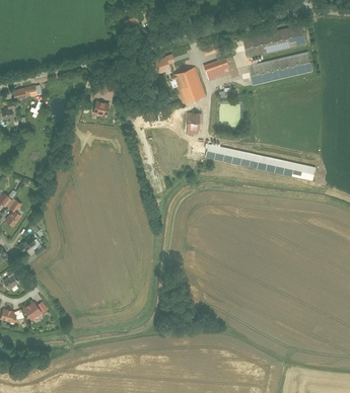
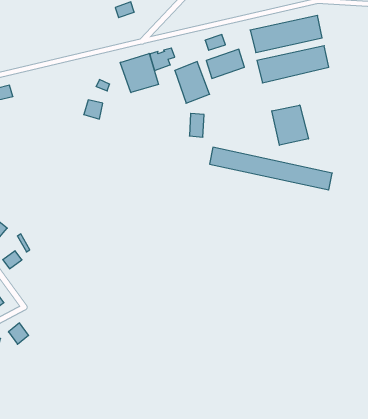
building: none -> [120,53,159,93]
building: none -> [272,105,308,145]

